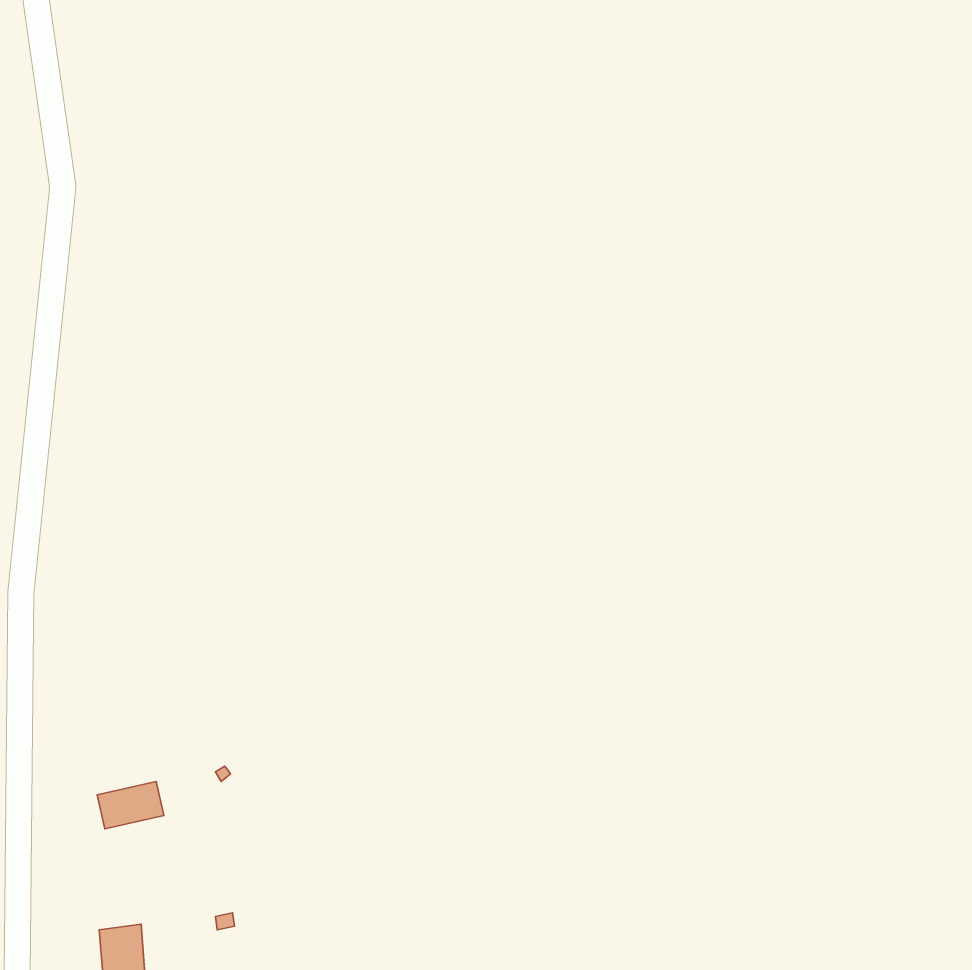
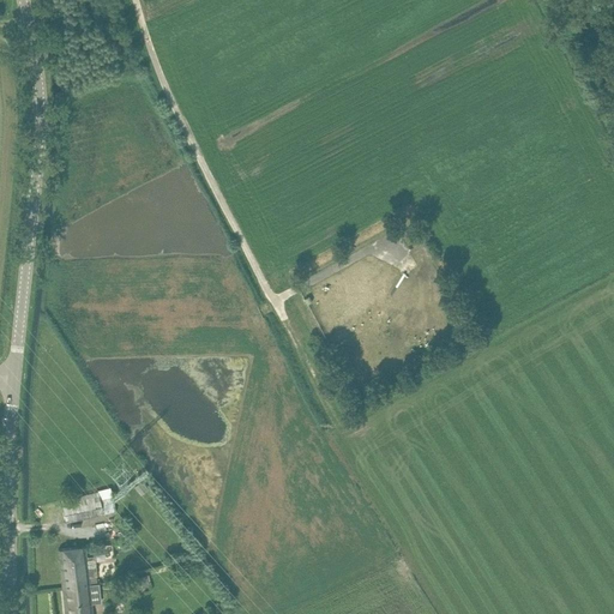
building: none -> [60,548,90,588]

